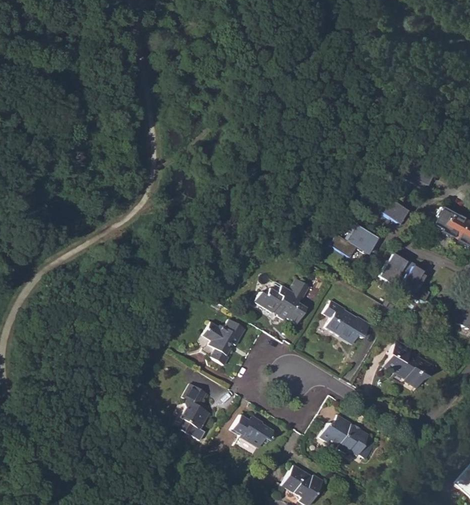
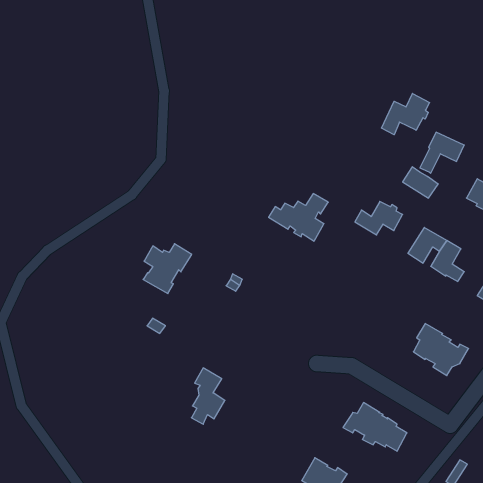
building: none -> [382,93,430,135]
building: [256,278,311,322] -> [269,194,328,241]
building: [325,300,371,344] -> none
building: [201,318,246,364] -> [143,244,192,294]
building: [233,414,275,454] -> none

